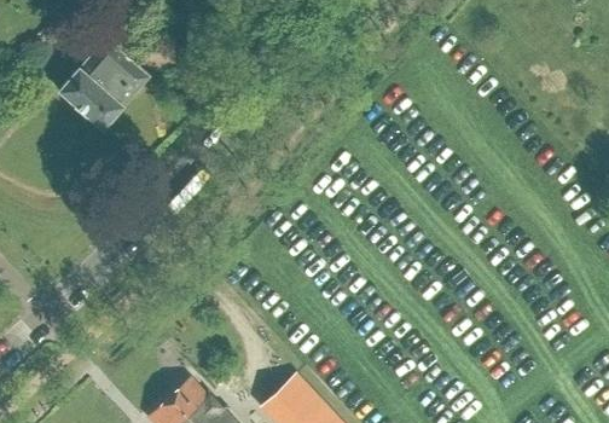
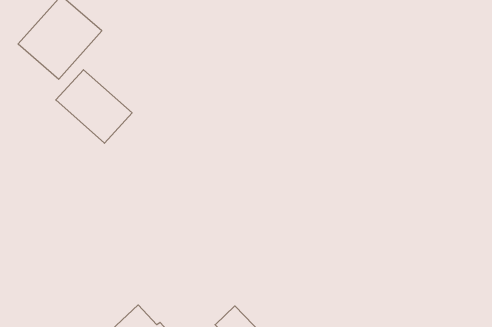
building: none -> [56,70,132,143]

